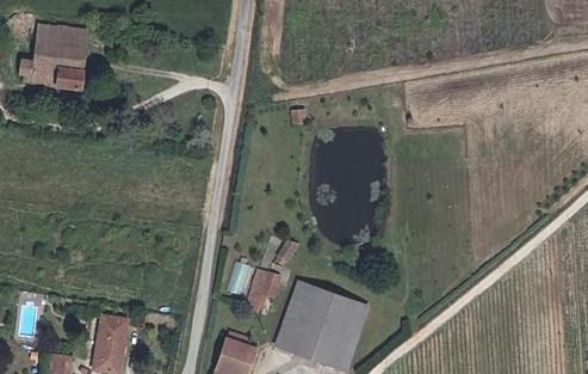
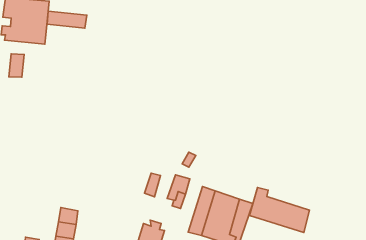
building: none -> [47,11,87,28]
building: none -> [9,54,24,77]
building: none -> [250,188,310,233]

